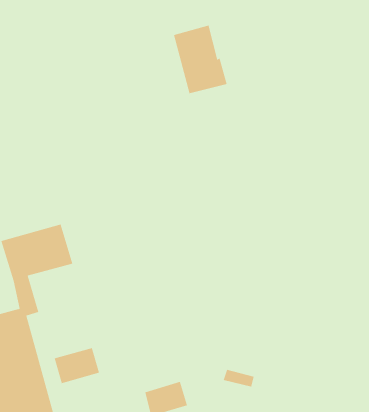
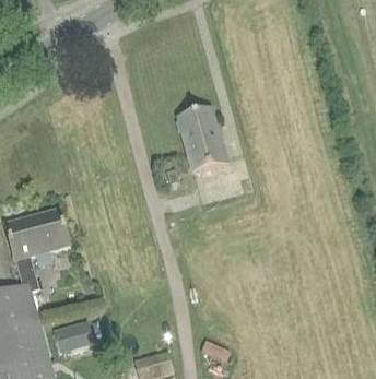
building: [173,25,227,94] -> [179,107,228,169]

